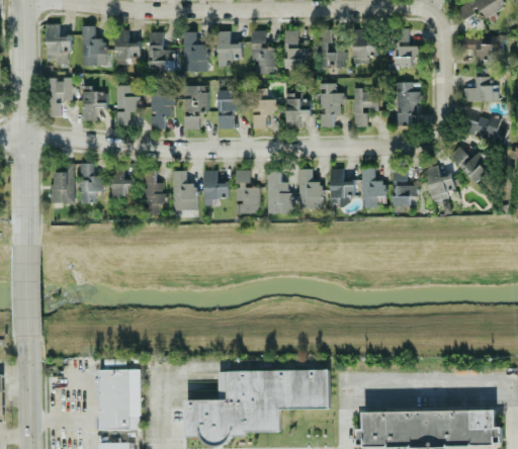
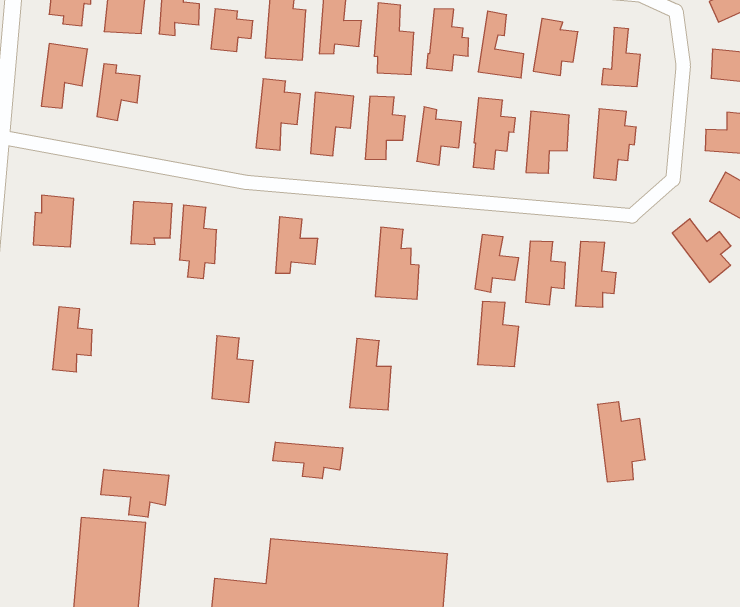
building: [116,85,140,124] -> none
building: [151,95,173,128] -> none
building: [81,163,104,202] -> [52,307,92,372]
building: [425,165,458,215] -> [597,402,645,482]
building: [298,168,323,208] -> [477,302,519,367]
building: [173,170,197,209] -> [212,336,253,402]
building: [236,170,260,213] -> [350,338,391,410]
building: none -> [273,442,343,479]
building: none -> [101,469,169,517]

